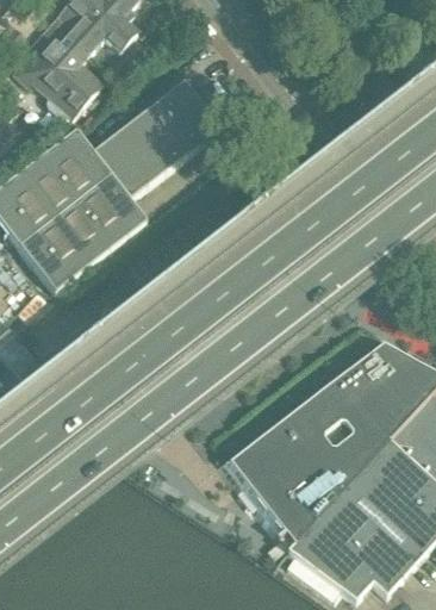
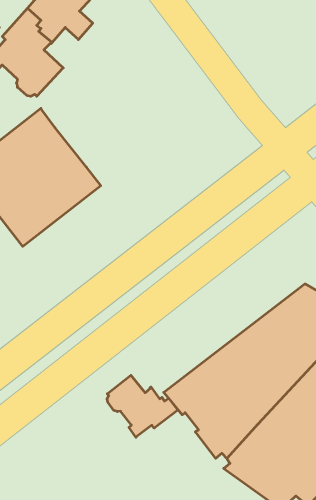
building: [93,81,220,199] -> none
building: none -> [107,375,178,437]

